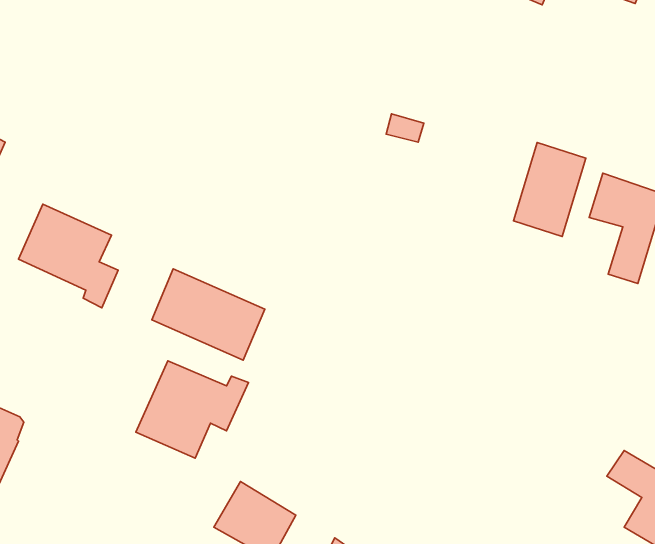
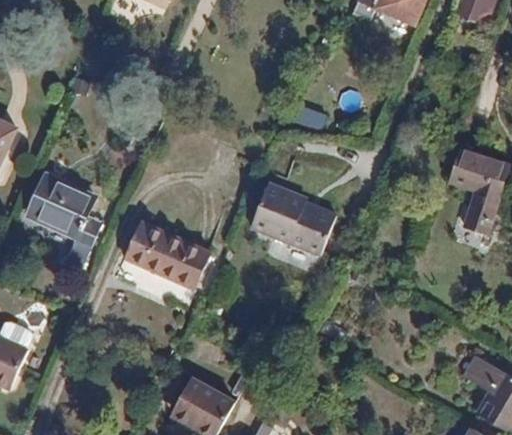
building: [513,142,586,236] -> none
building: none -> [249,182,335,255]
building: [136,361,249,458] -> none

